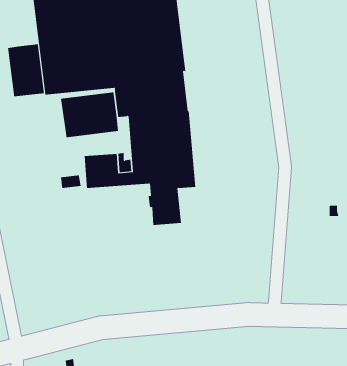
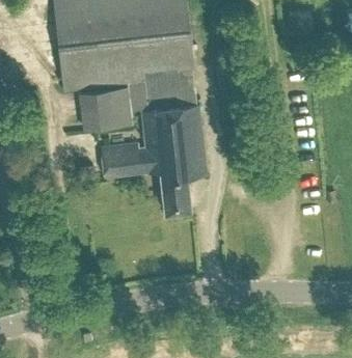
building: [8,43,44,97] -> none

